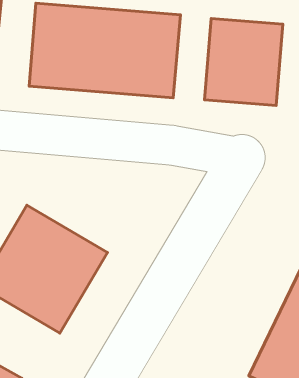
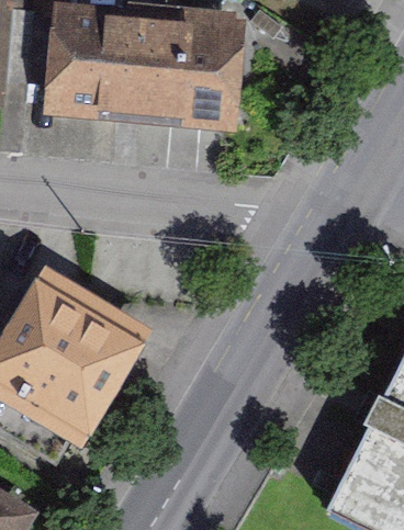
building: [205,19,283,106] -> none

